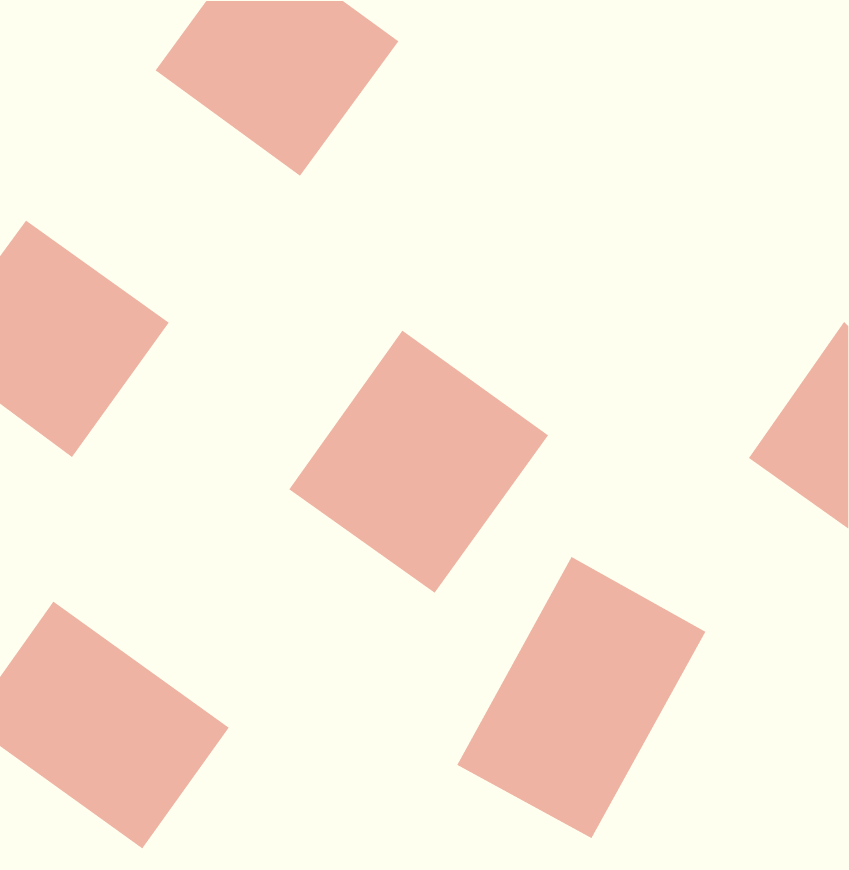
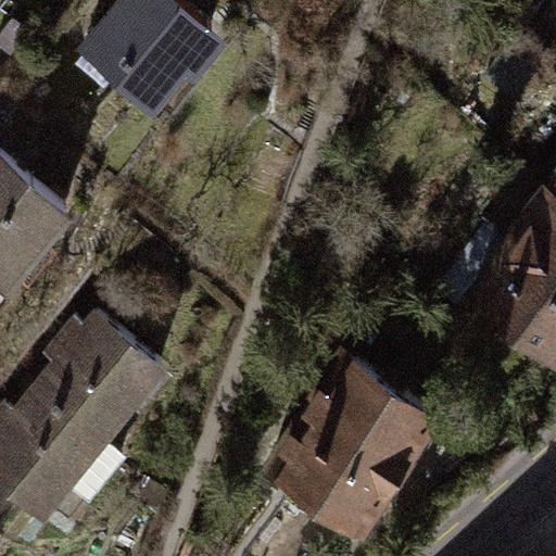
building: [288,330,549,594] -> none
building: none -> [35,305,202,463]

